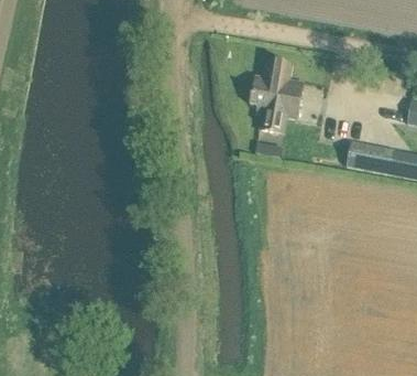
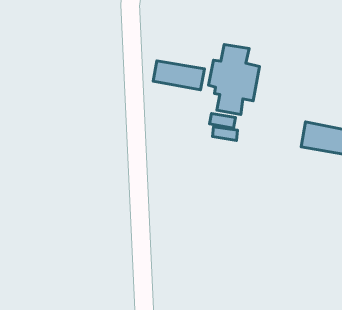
building: none -> [153,61,205,90]

